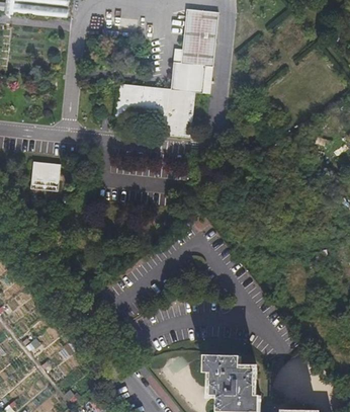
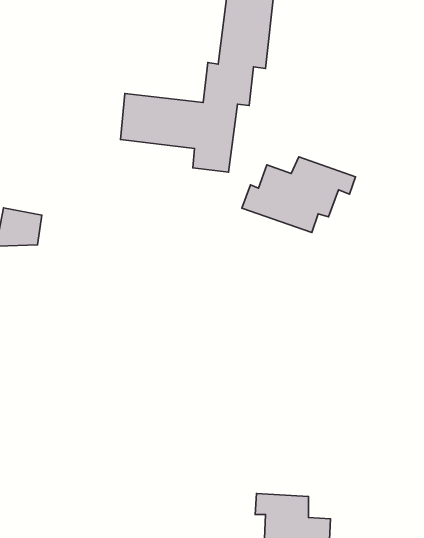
building: none -> [242,157,355,233]

